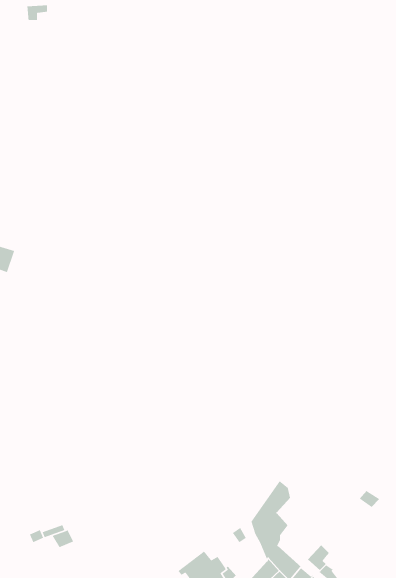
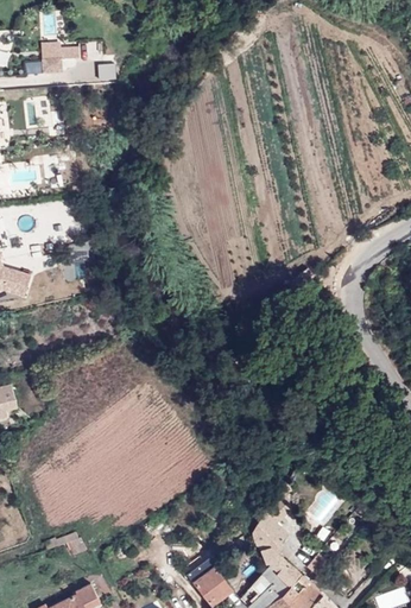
building: none -> [42,48,80,74]

